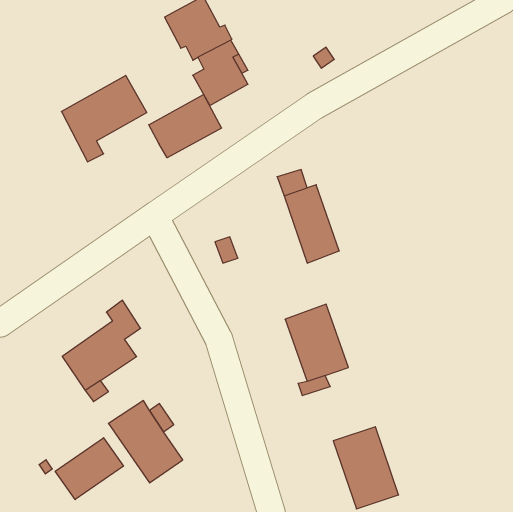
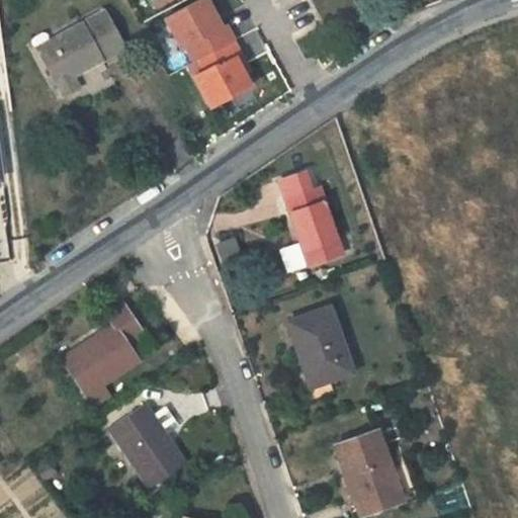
building: [61,75,147,162] -> [38,9,124,96]
building: [149,94,222,158] -> none
building: [55,438,123,500] -> none

